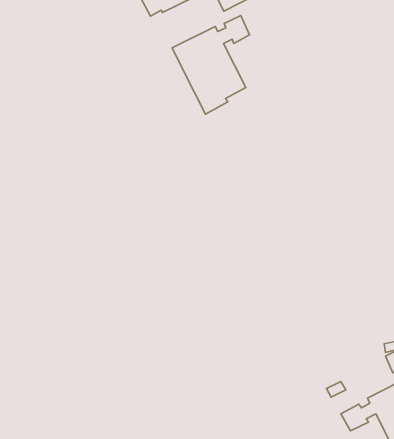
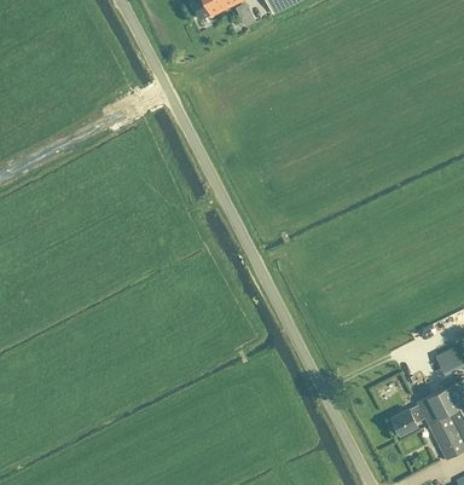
building: [172,16,250,114] -> none

